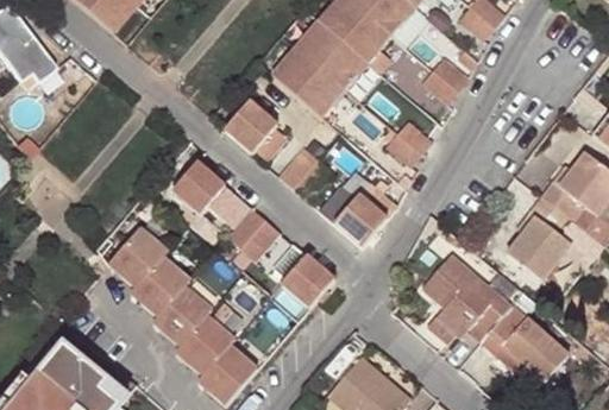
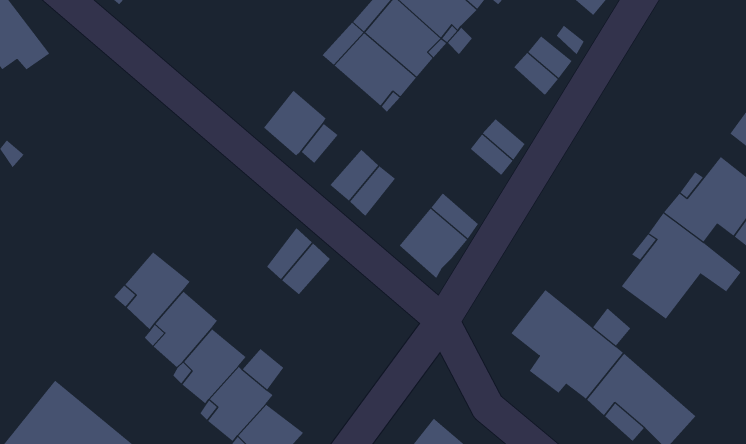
building: [174,160,225,214] -> none
building: [281,254,332,307] -> none

